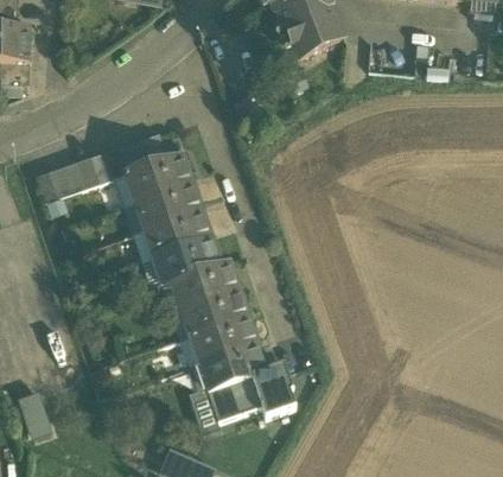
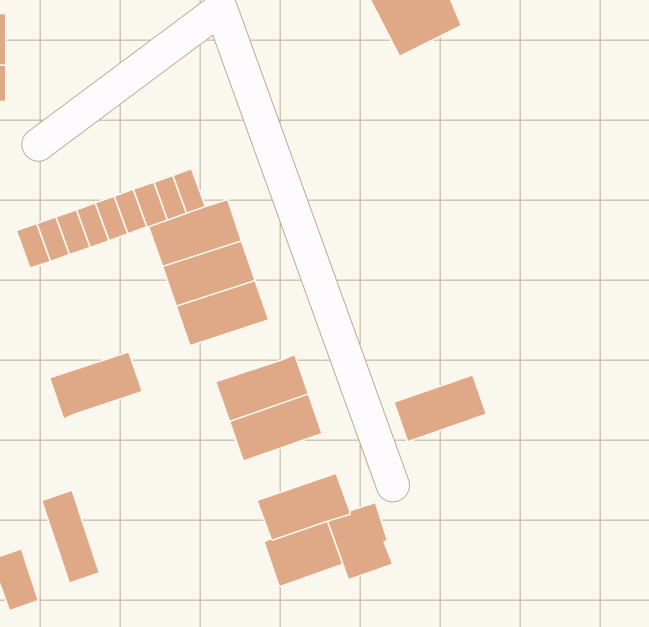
building: [152,237,216,284] -> [50,352,143,419]
building: [189,316,253,362] -> [394,375,487,442]
building: none -> [42,490,100,583]

